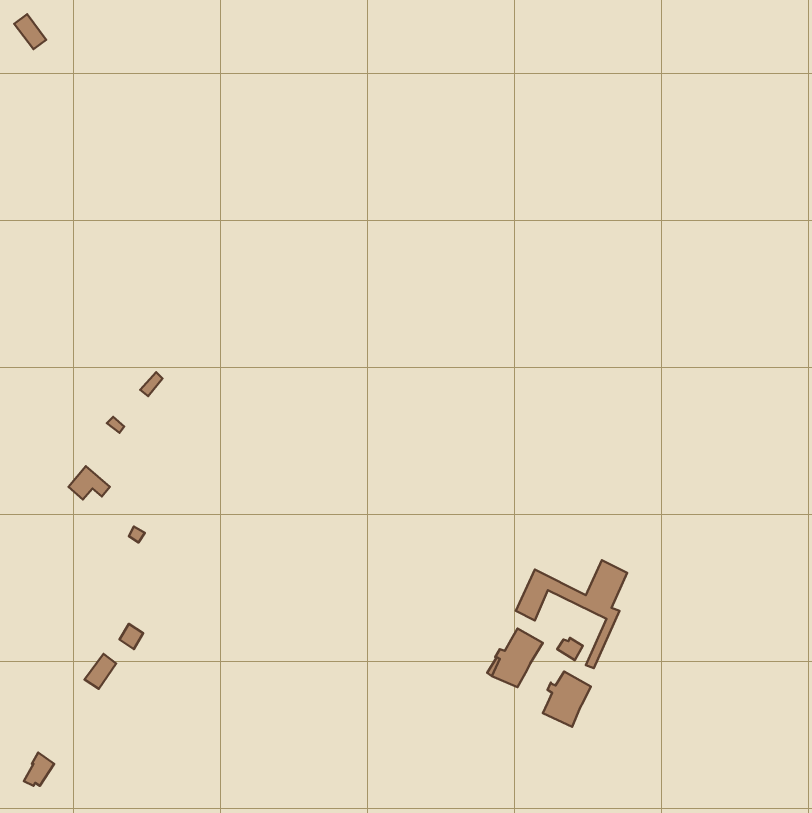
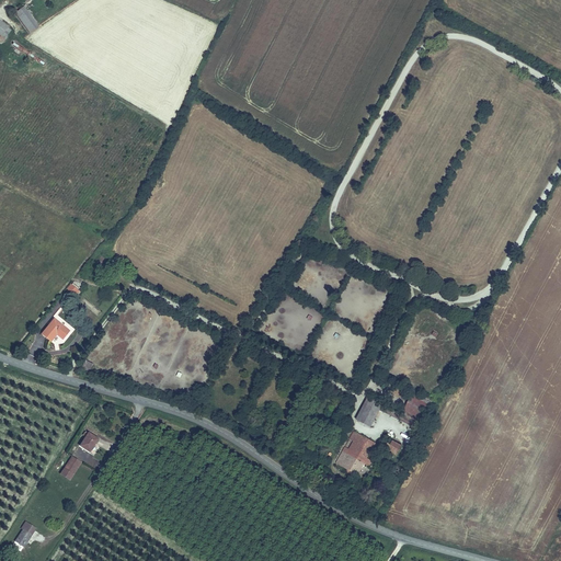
building: [543,671,591,727] -> none

